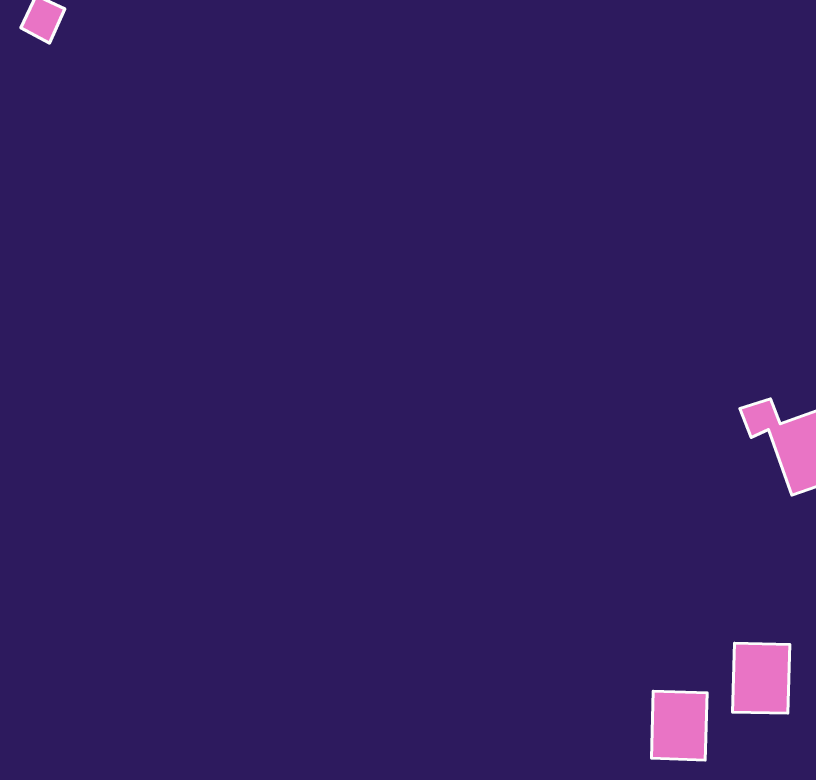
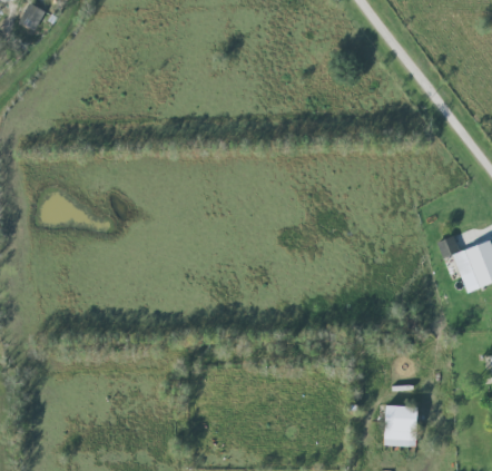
building: [733,643,790,713] -> none

